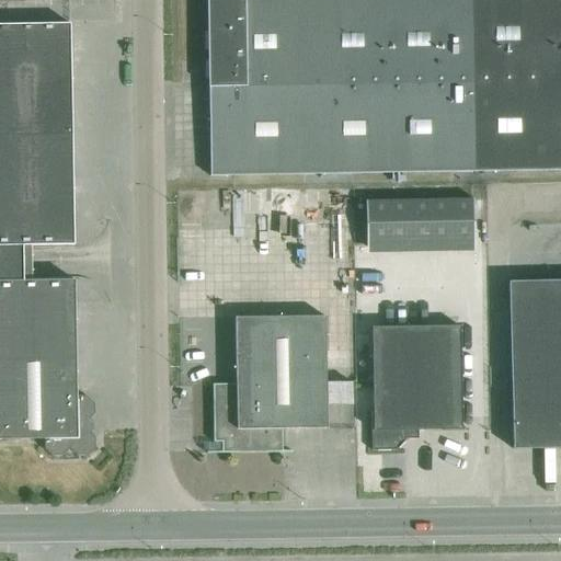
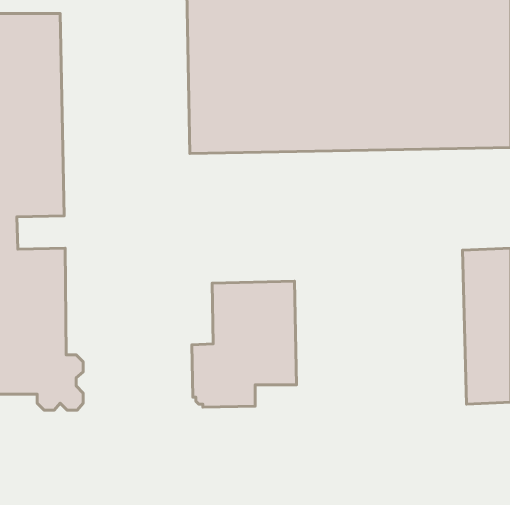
building: [368,196,473,252] -> none
building: [371,323,461,448] -> none

